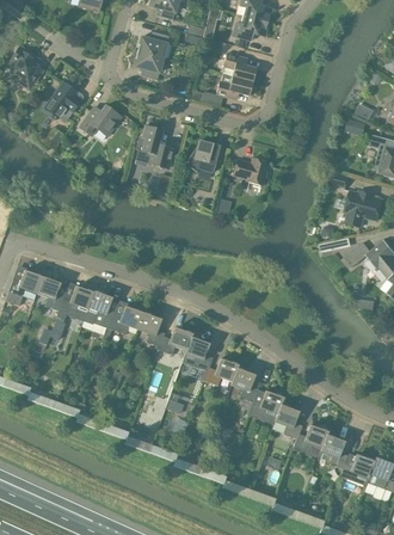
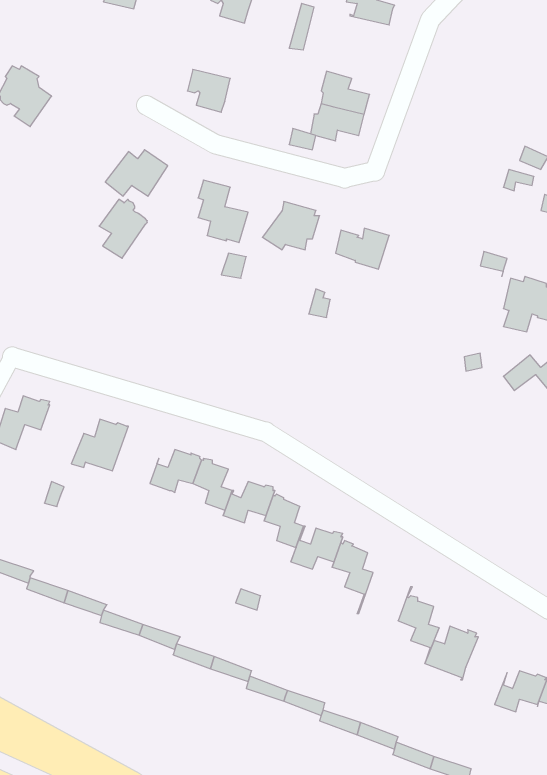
building: [232,16,267,41] -> none
building: [136,31,167,57] -> none
building: [49,81,81,121] -> [99,199,147,258]
building: [35,275,63,315] -> none
building: [82,289,113,328] -> none
building: [247,388,282,424] -> none
building: [316,431,346,476] -> none

